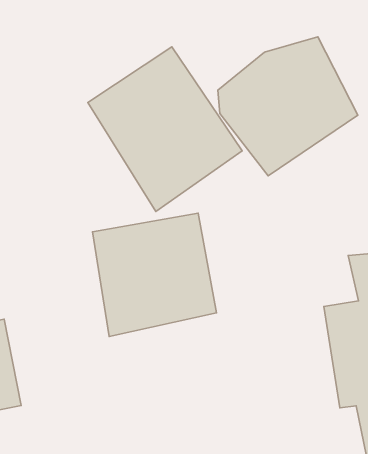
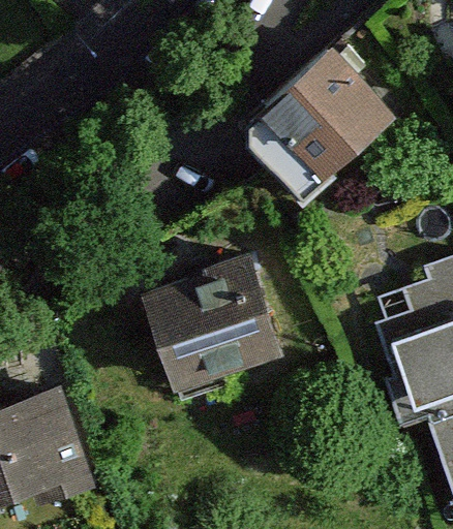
building: [88,47,242,211] -> none

